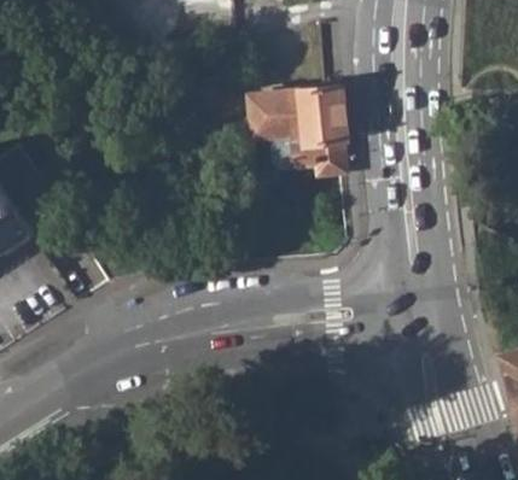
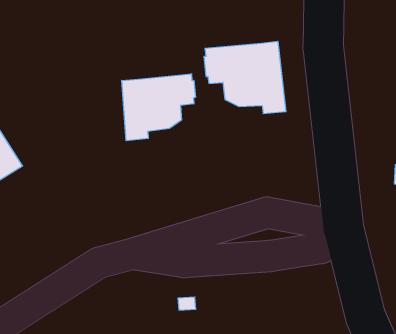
building: none -> [122,74,195,141]

